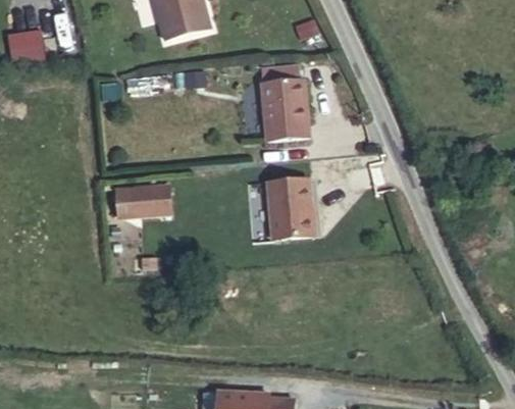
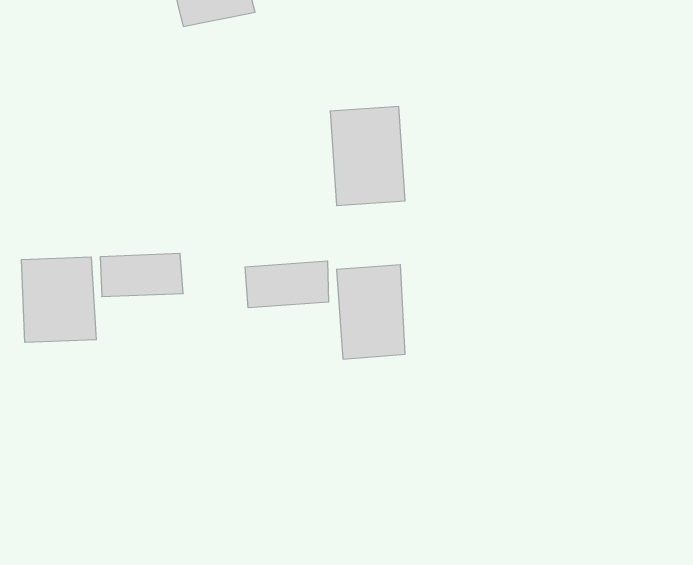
building: none -> [22,257,96,342]
building: none -> [245,261,329,308]

